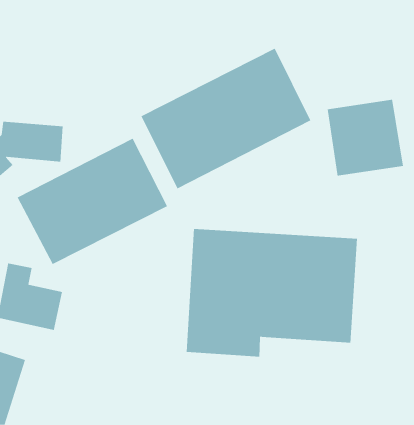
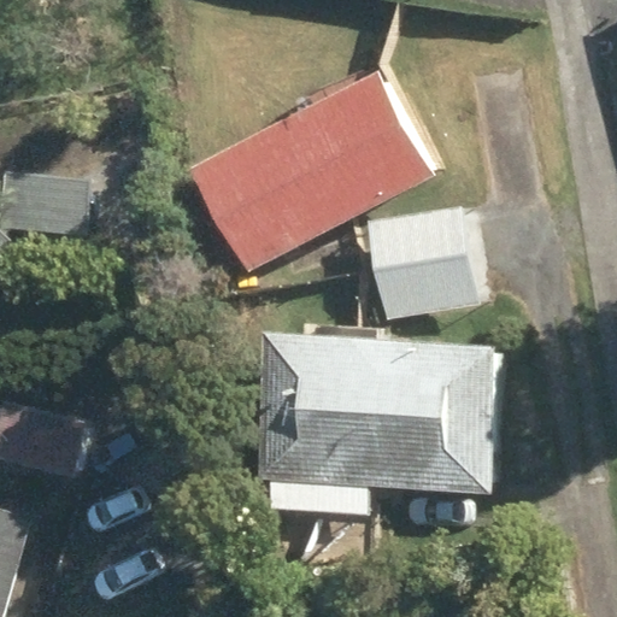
building: [327,99,404,176] -> [375,206,486,317]
building: [17,138,168,265] -> none

